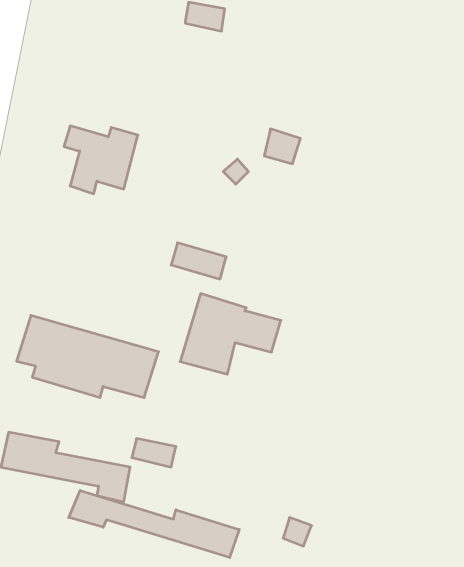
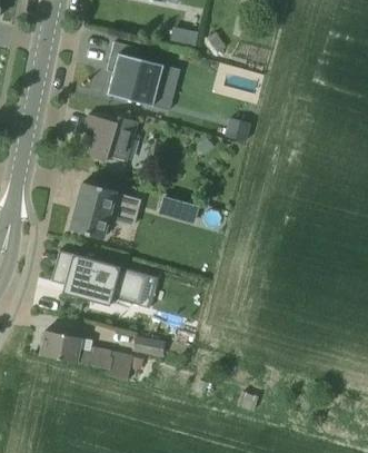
building: none -> [107,42,180,110]
building: [180,294,281,374] -> [68,178,139,235]
building: [69,490,239,558] -> none

